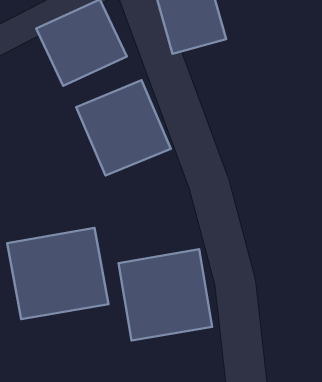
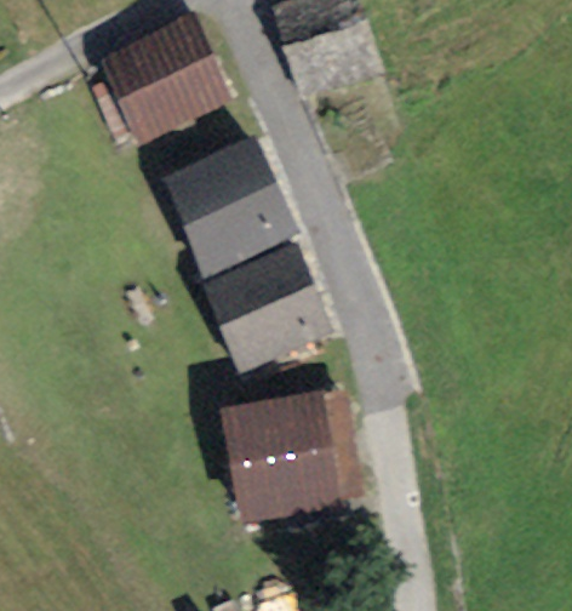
building: none -> [205,246,334,375]
building: [7,228,109,319] -> none

